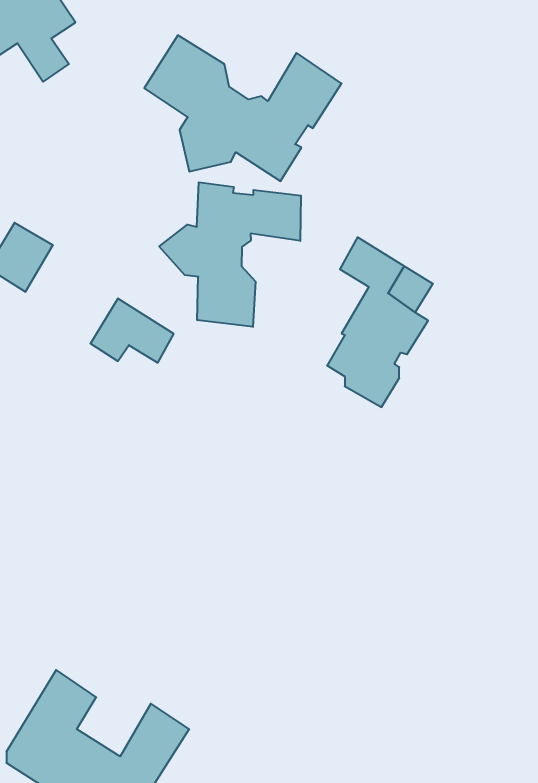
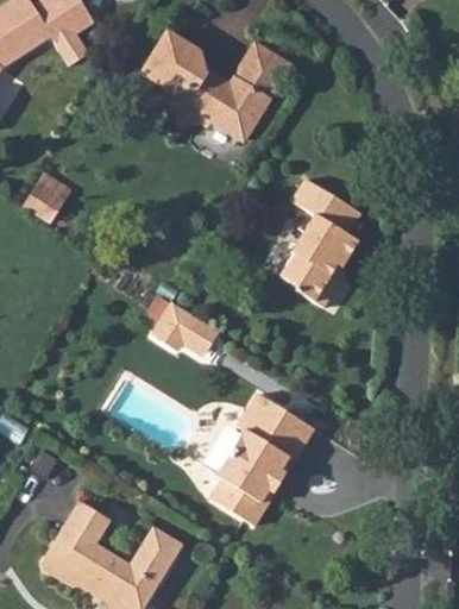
building: [159,182,301,327] -> none
building: [90,299,174,363] -> [153,302,215,350]
building: none -> [210,395,313,526]

